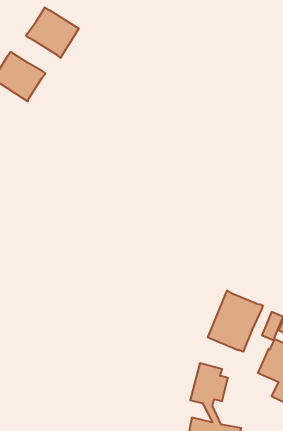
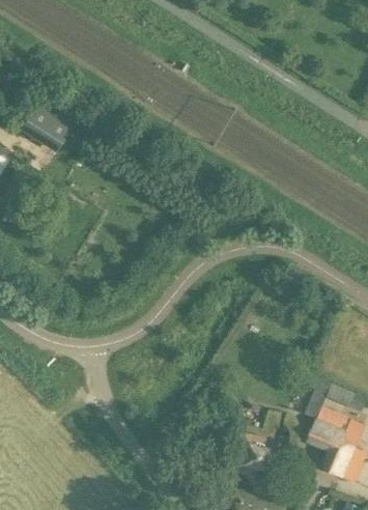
building: [26,7,79,58] -> none
building: [208,290,263,352] -> none

